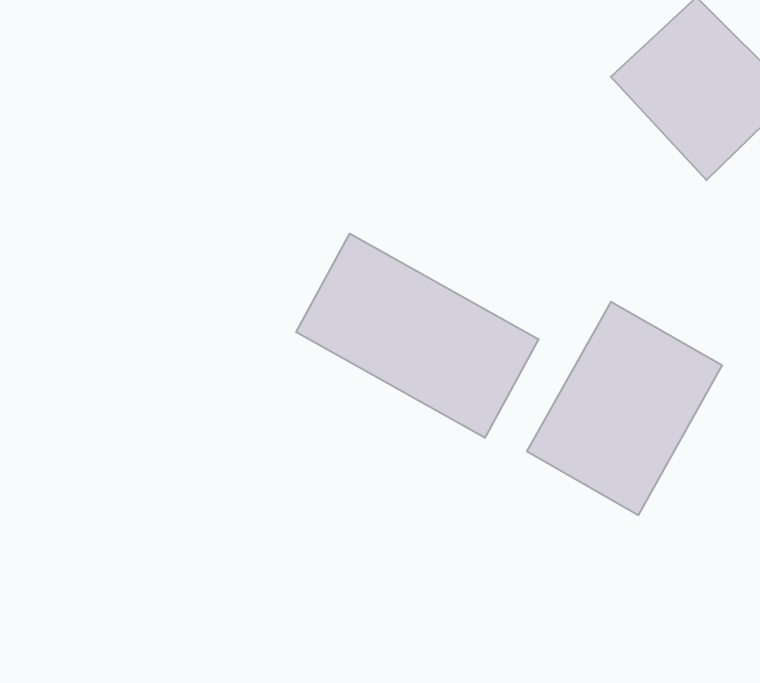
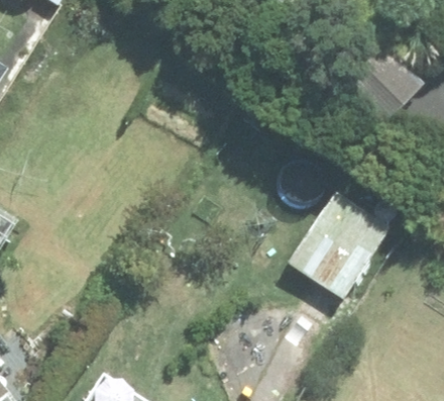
building: [296,234,539,438] -> none

